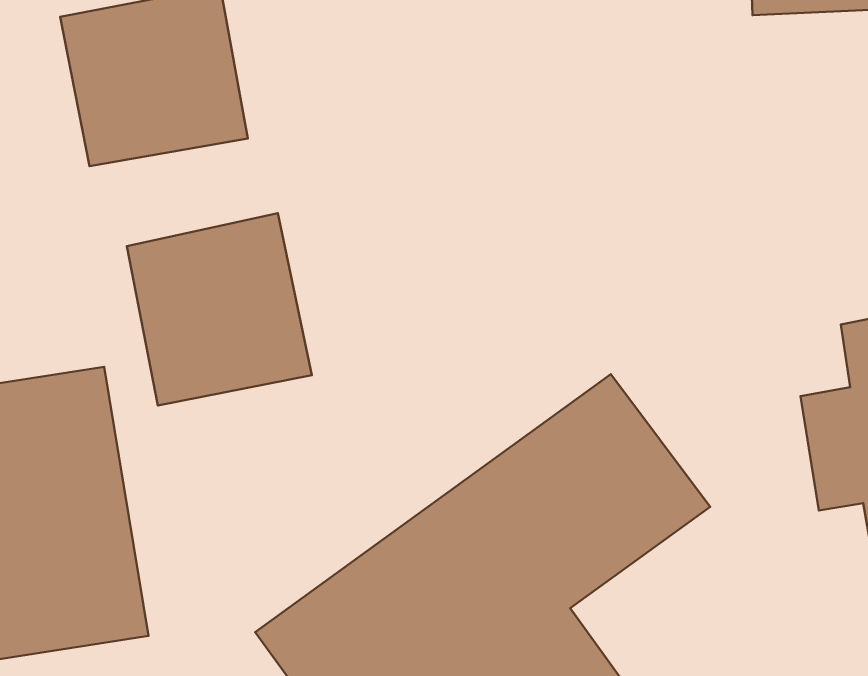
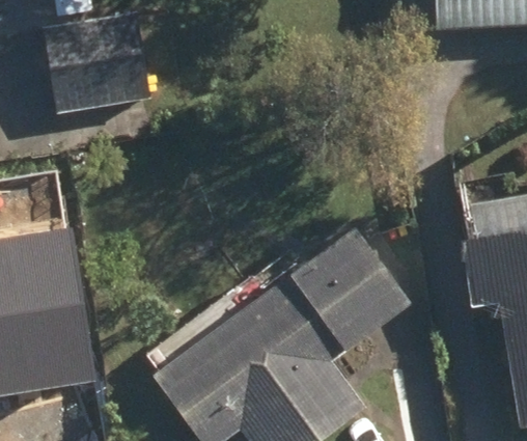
building: [127,213,312,405] -> none

